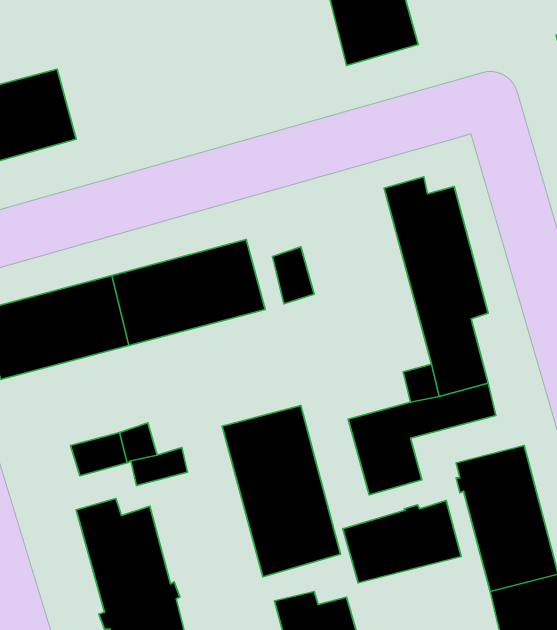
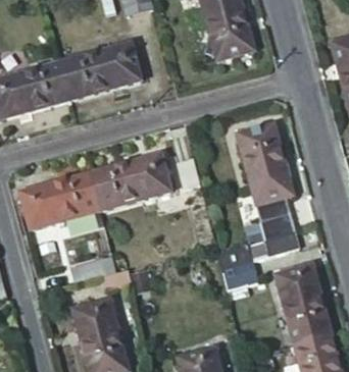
building: none -> [59,43,140,100]
building: [222,405,341,577] -> none
building: [343,500,461,583] -> none

